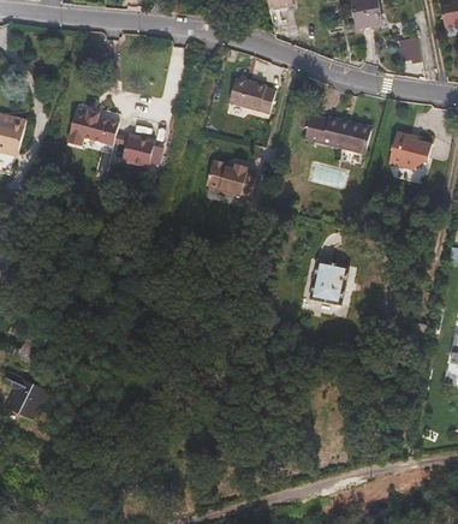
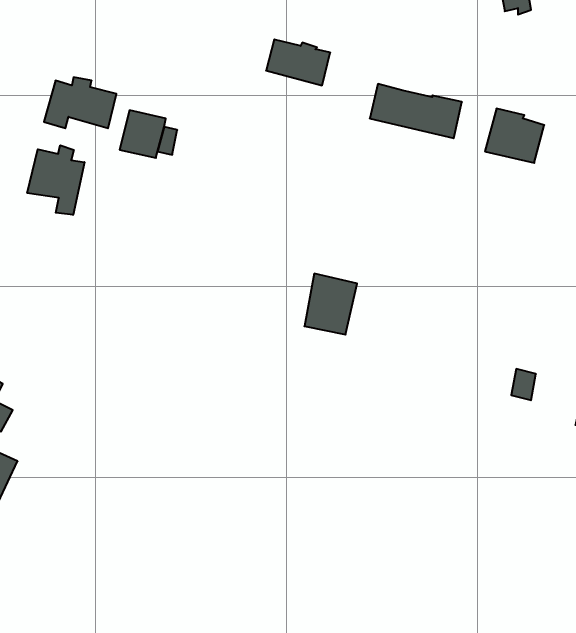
building: none -> [27,145,84,215]
building: [207,160,257,196] -> none
building: [310,258,349,303] -> [304,274,357,335]

